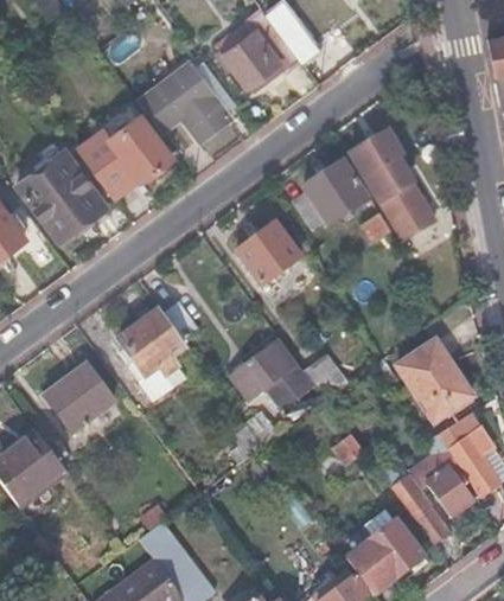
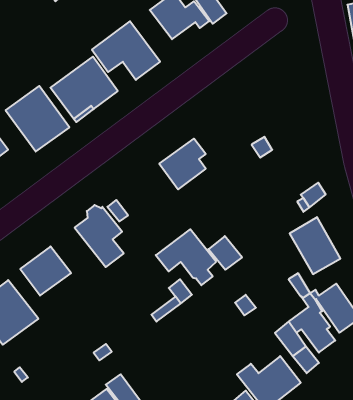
building: [345,136,429,247] -> none
building: [288,168,361,237] -> none

